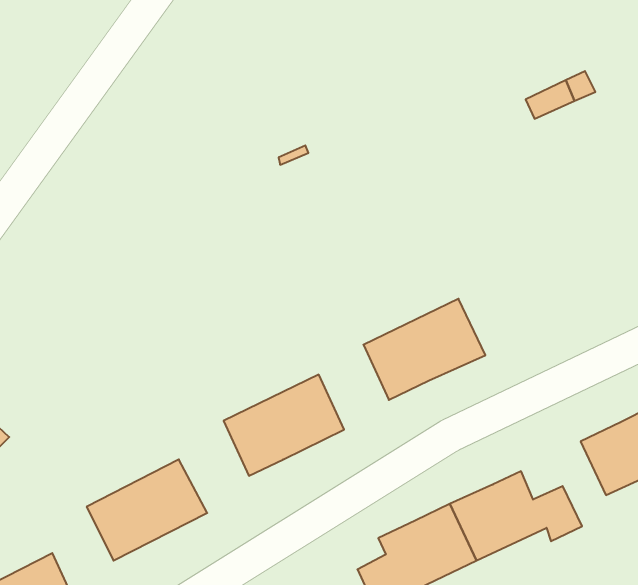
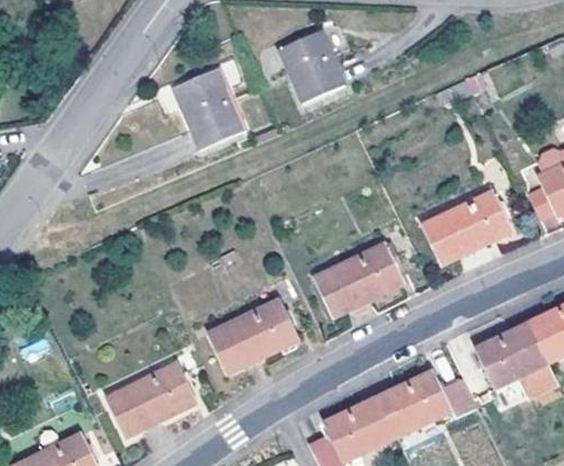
building: none -> [279,29,345,101]
building: none -> [174,68,246,148]
building: none -> [422,189,512,266]

